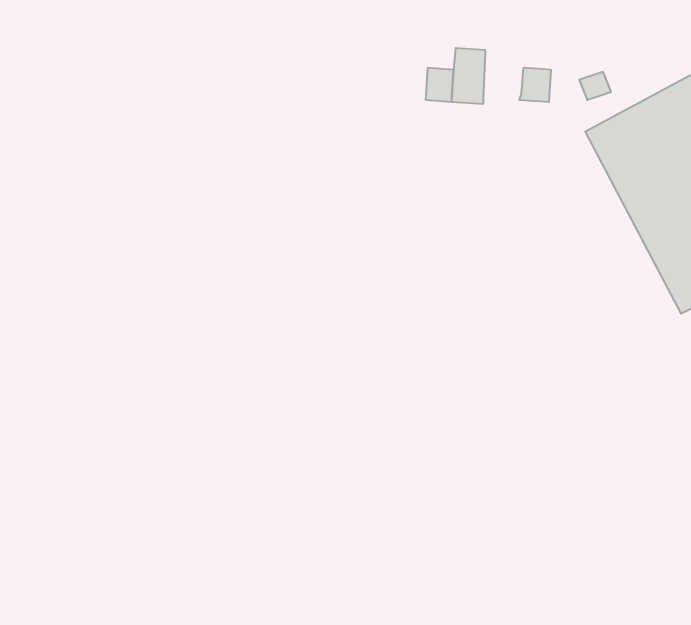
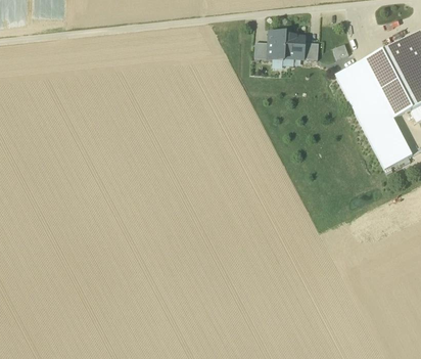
building: none -> [283,35,303,58]

